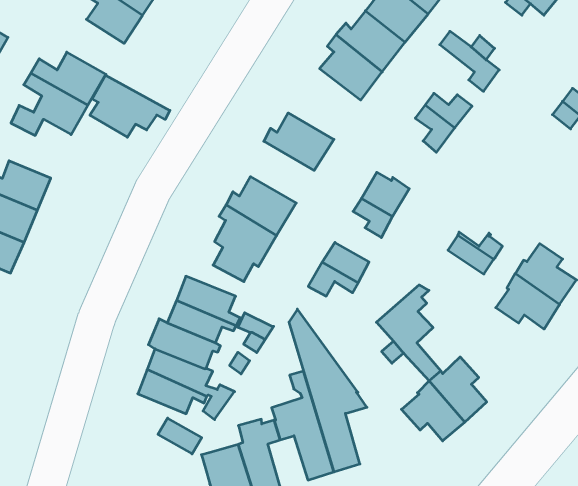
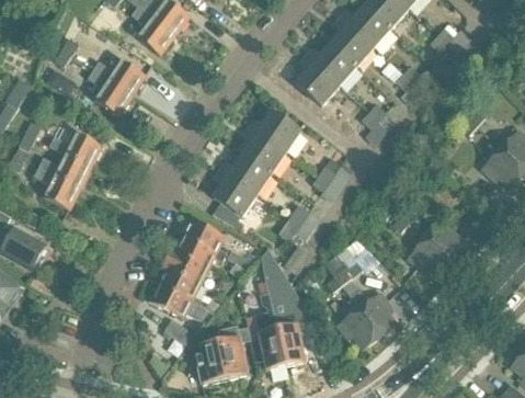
building: [90,75,170,137] -> none
building: none -> [242,129,287,174]

